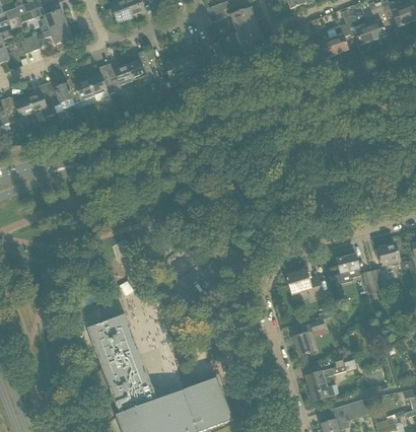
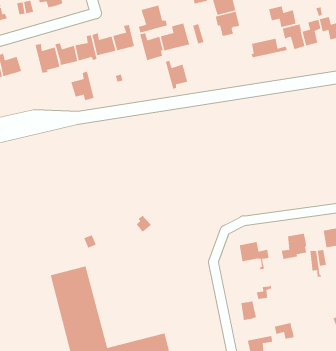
building: none -> [268,5,297,28]
building: none -> [138,5,168,34]
building: none -> [250,38,288,58]
building: [27,82,56,116] -> [70,70,95,101]
building: none -> [165,60,188,89]

